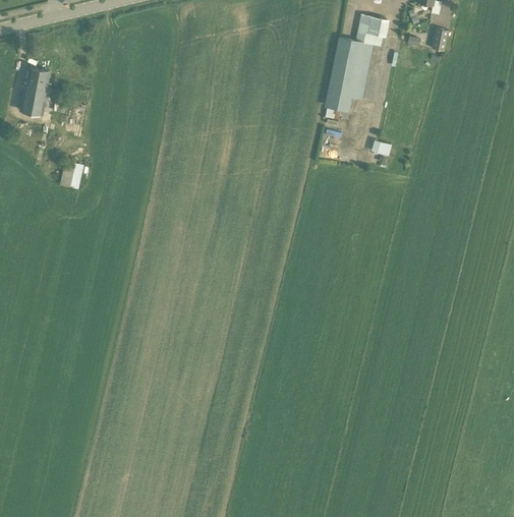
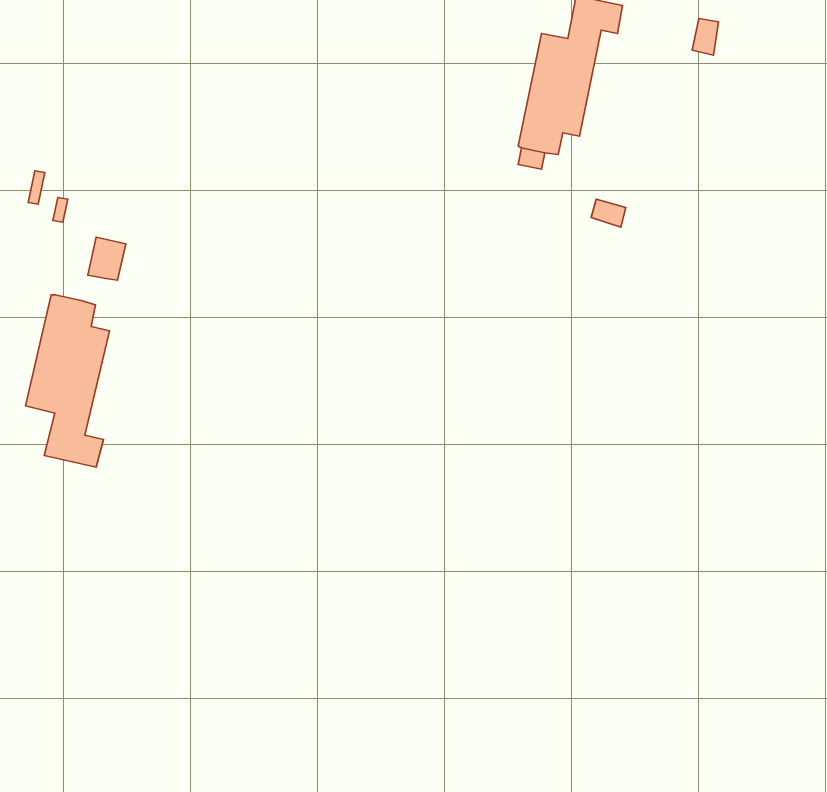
building: [18,67,67,117] -> none
building: none -> [25,295,110,467]

